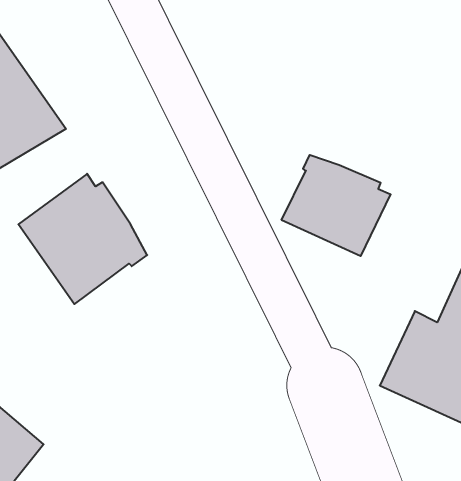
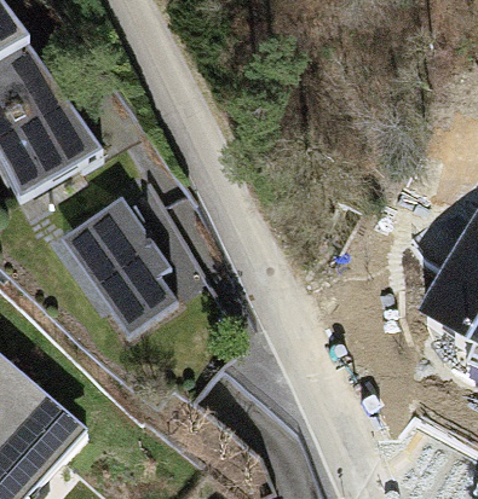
building: [282,155,391,256] -> none

